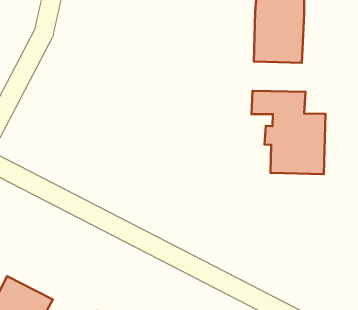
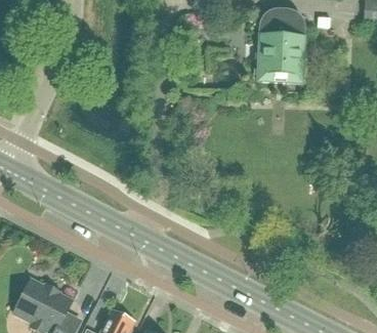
building: [252,91,325,174] -> none

